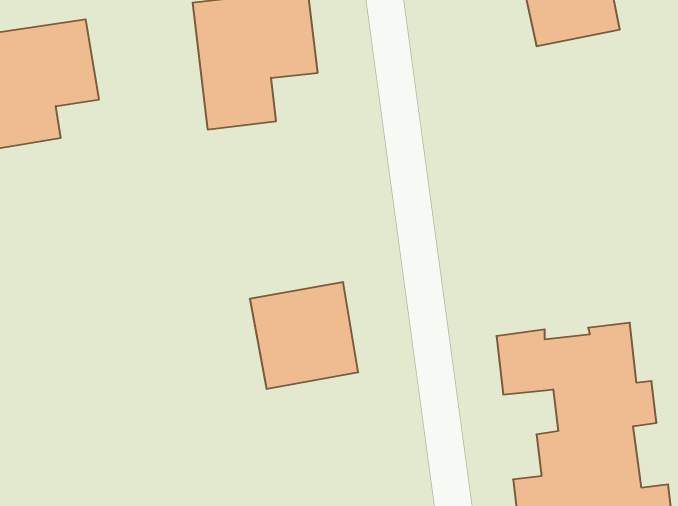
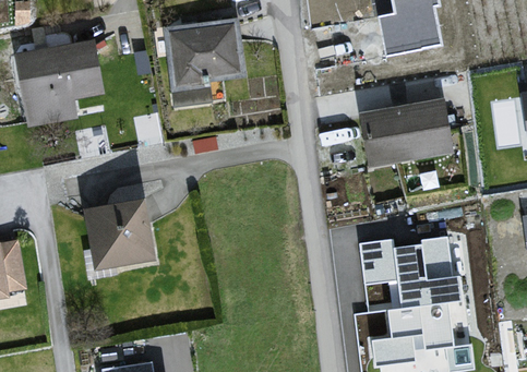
building: none -> [359,97,451,164]
building: [250,282,358,389] -> [79,200,149,269]

